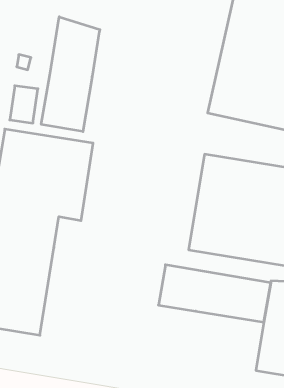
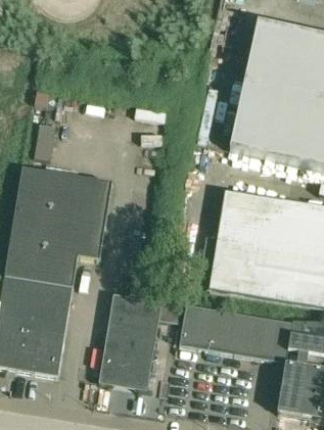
building: [41,17,100,132] -> none
building: none -> [98,292,181,389]

